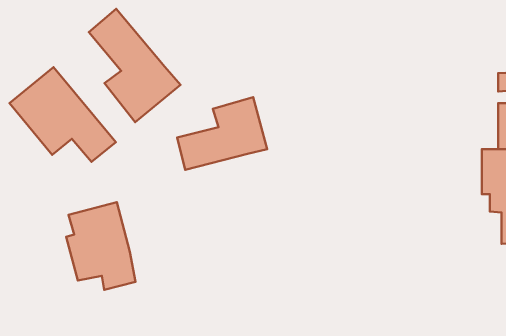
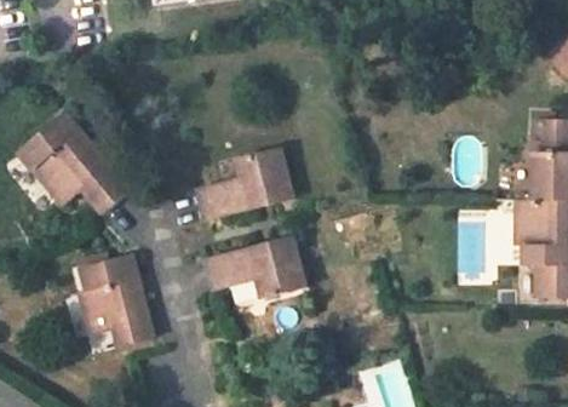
building: [89,9,180,122] -> none
building: none -> [205,234,303,297]

